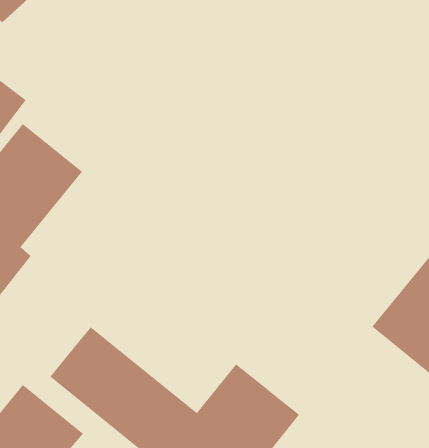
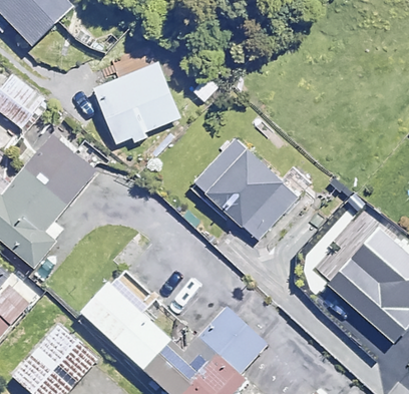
building: none -> [92,62,184,144]
building: none -> [192,135,306,246]

